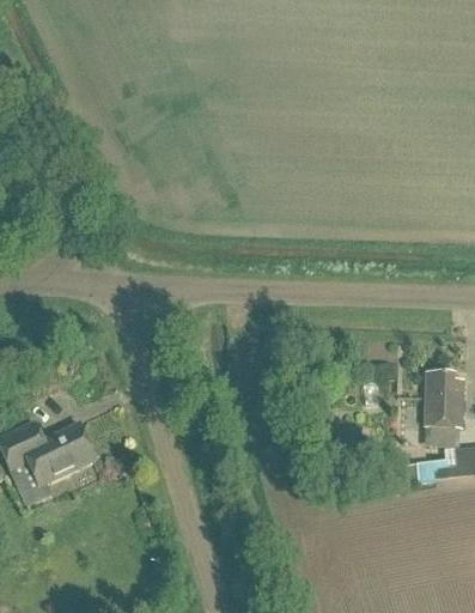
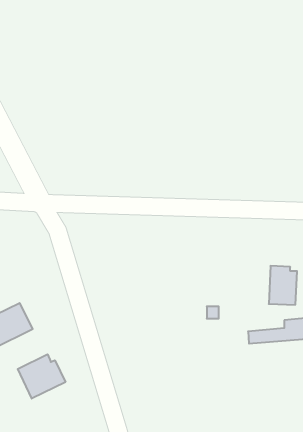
building: none -> [18,354,65,399]

